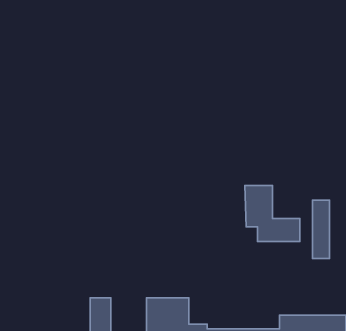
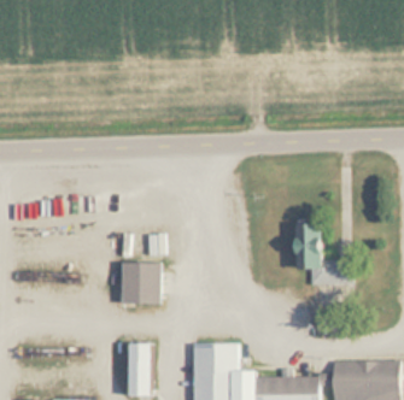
building: [313,200,330,259] -> none
building: none -> [121,261,160,302]

